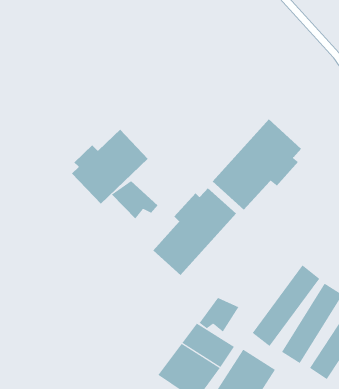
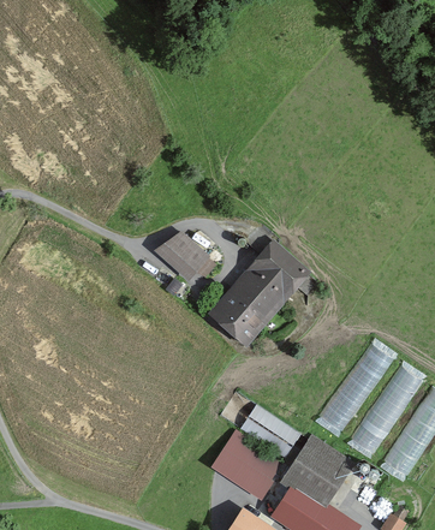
building: [212,119,302,211] -> none
building: [71,129,149,204] -> none
building: [199,297,239,332] -> none

